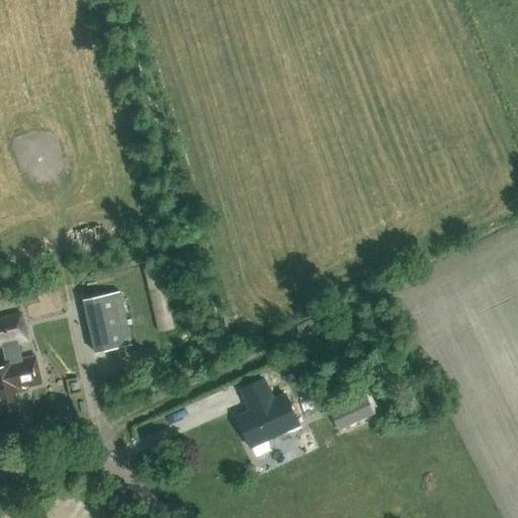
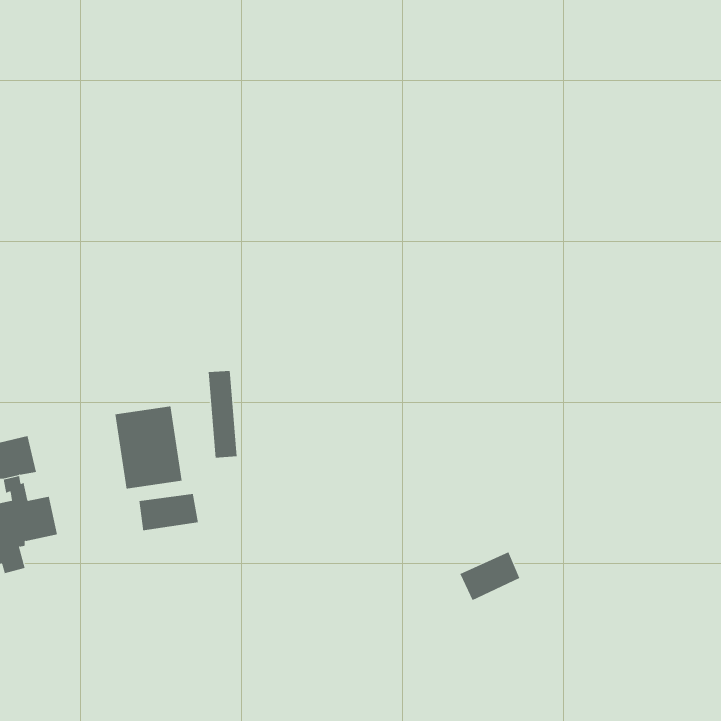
building: none -> [139,493,199,531]
building: [236,378,298,456] -> none

